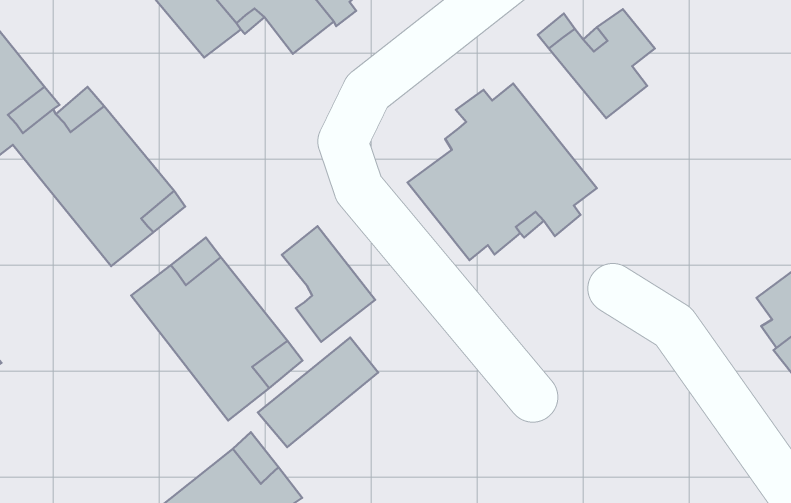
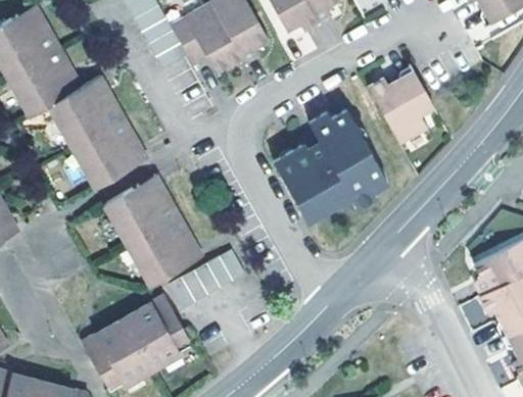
building: [282,226,375,342] -> none

